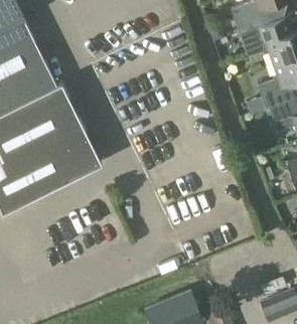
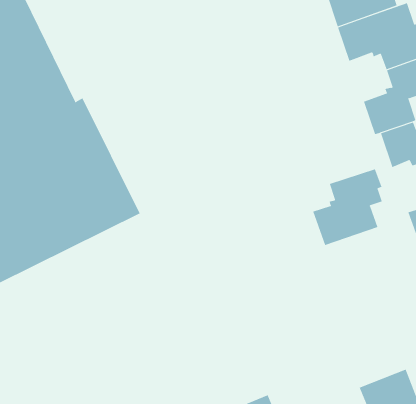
building: none -> [313,168,383,246]

